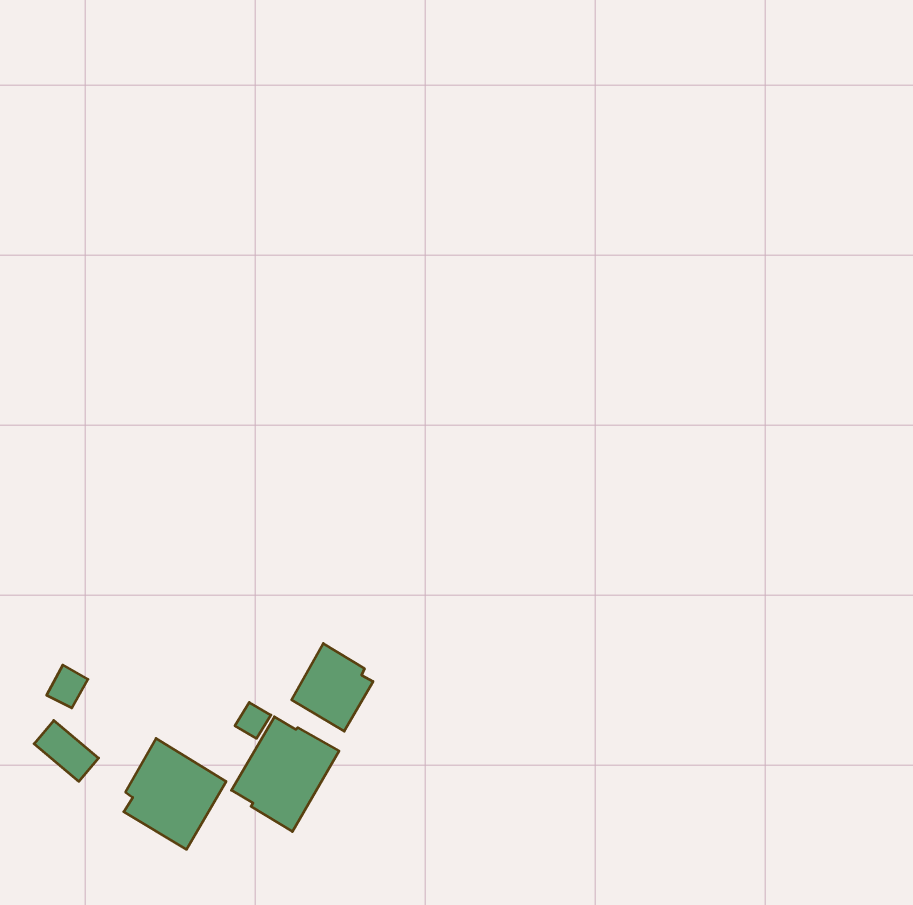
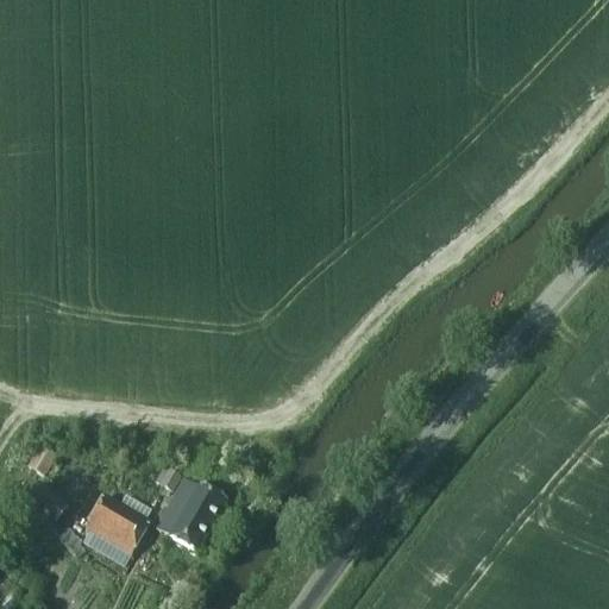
building: [292,643,373,731] -> none

